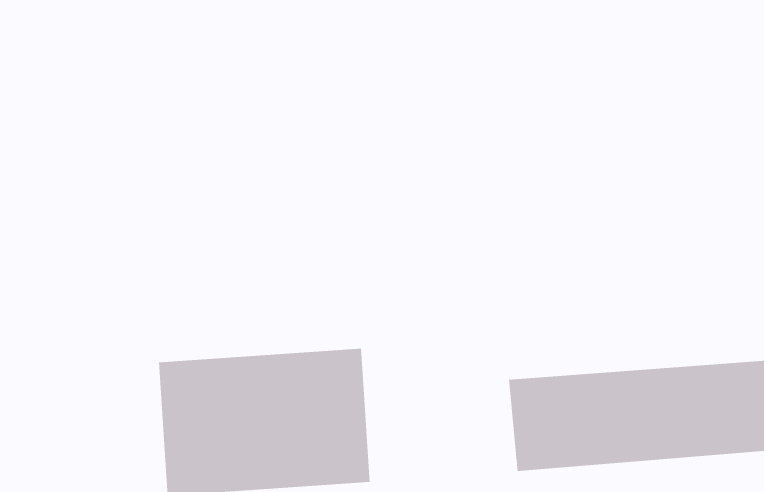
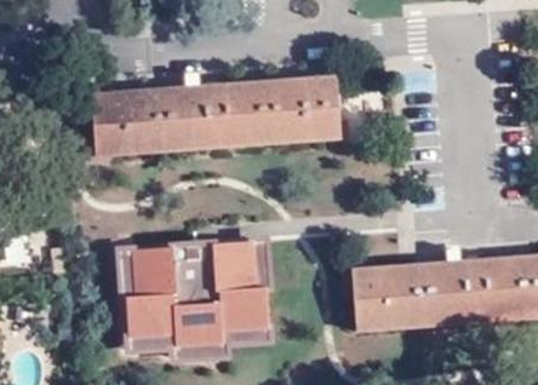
building: none -> [92,79,342,156]

